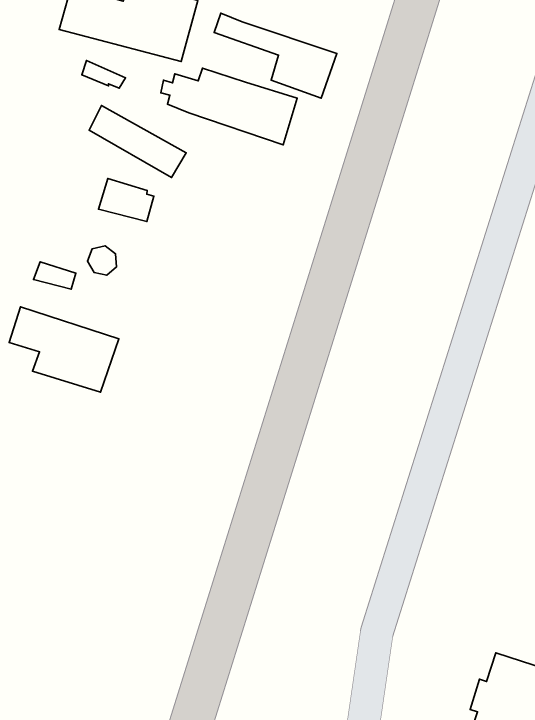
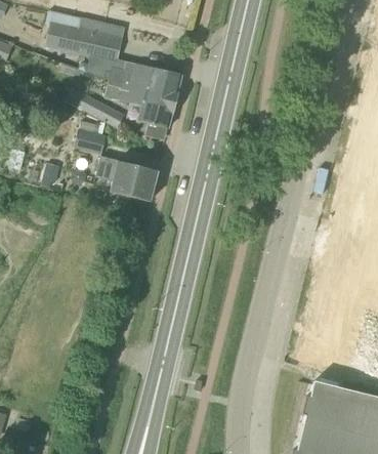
building: [214,13,337,98] -> [107,85,176,129]
building: [9,307,119,392] -> [97,157,159,202]

